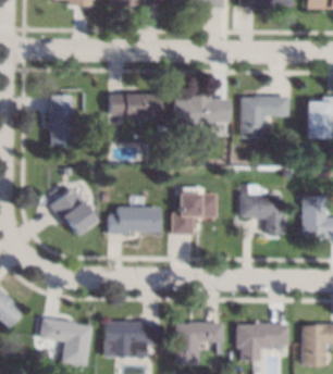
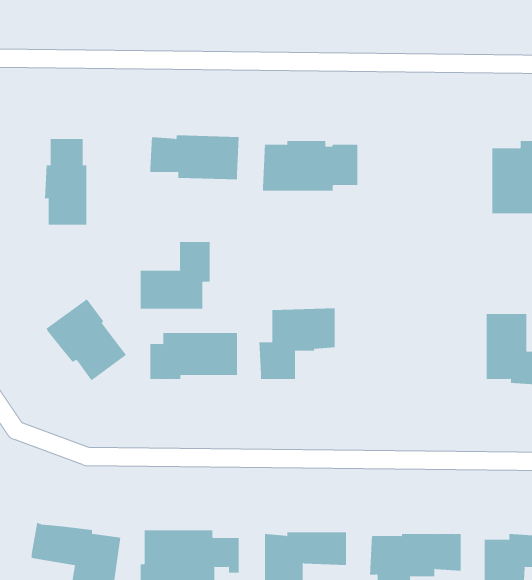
building: [240,95,288,137] -> none
building: none -> [140,241,210,310]
building: [240,184,286,234] -> none

